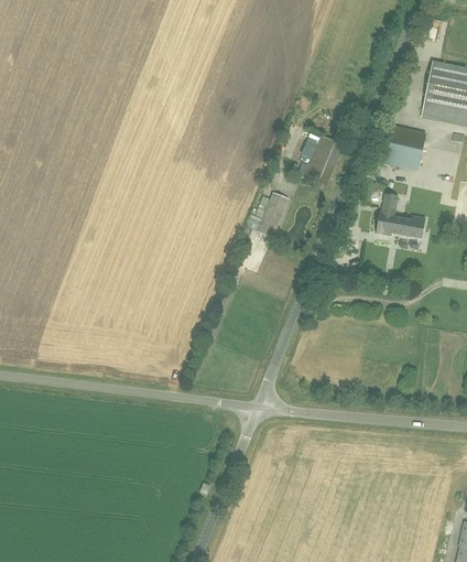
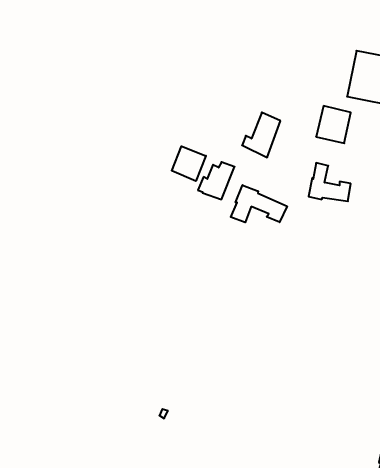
building: none -> [172,146,206,181]
building: none -> [231,185,287,222]

